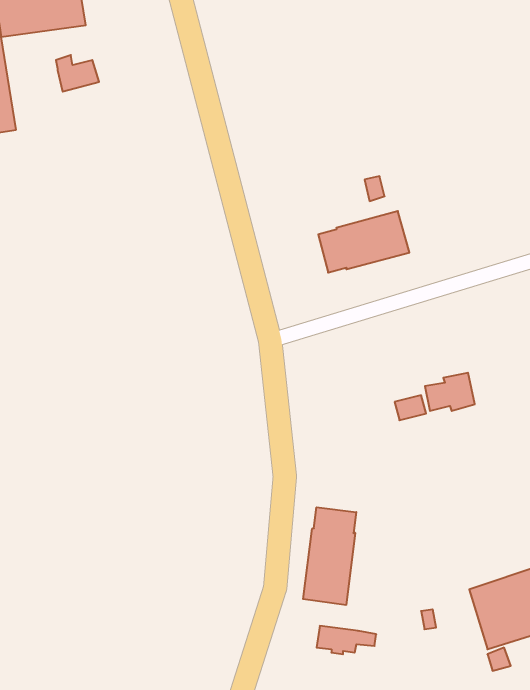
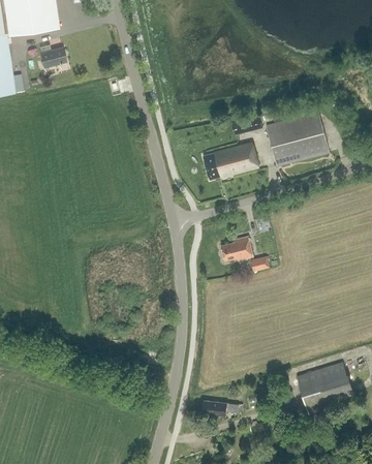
building: none -> [267,113,330,165]
building: [425,373,475,411] -> [222,237,253,260]
building: [303,507,356,605] -> none

